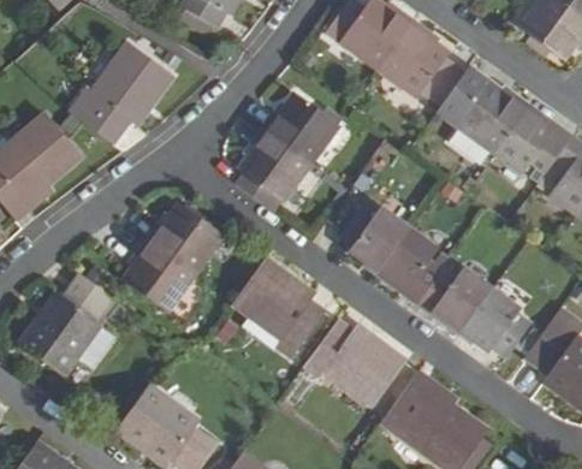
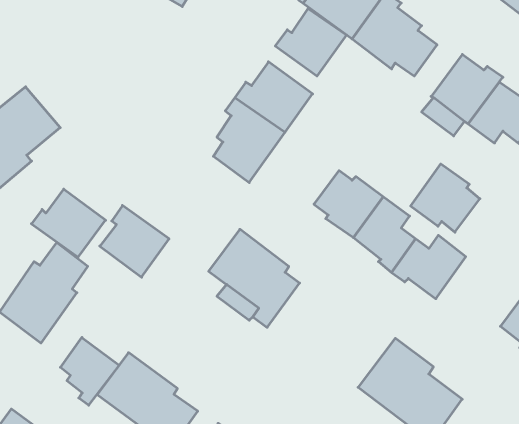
building: none -> [275,8,347,76]
building: [81,42,172,144] -> none
building: [147,201,221,269] -> [31,189,106,257]
building: [462,287,531,356] -> [411,164,480,232]
building: [303,322,405,405] -> none
building: none -> [60,337,119,405]

